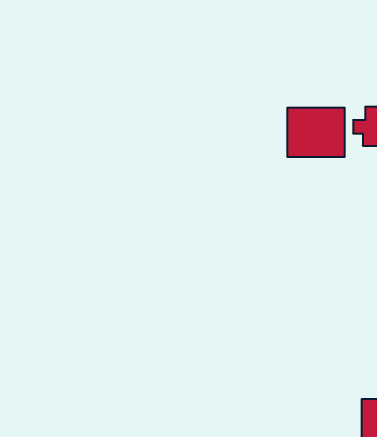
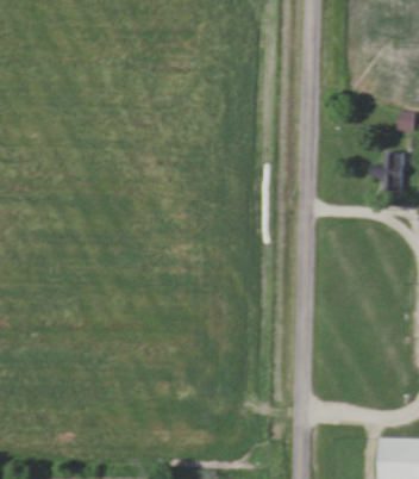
building: [287,108,345,157] -> none

